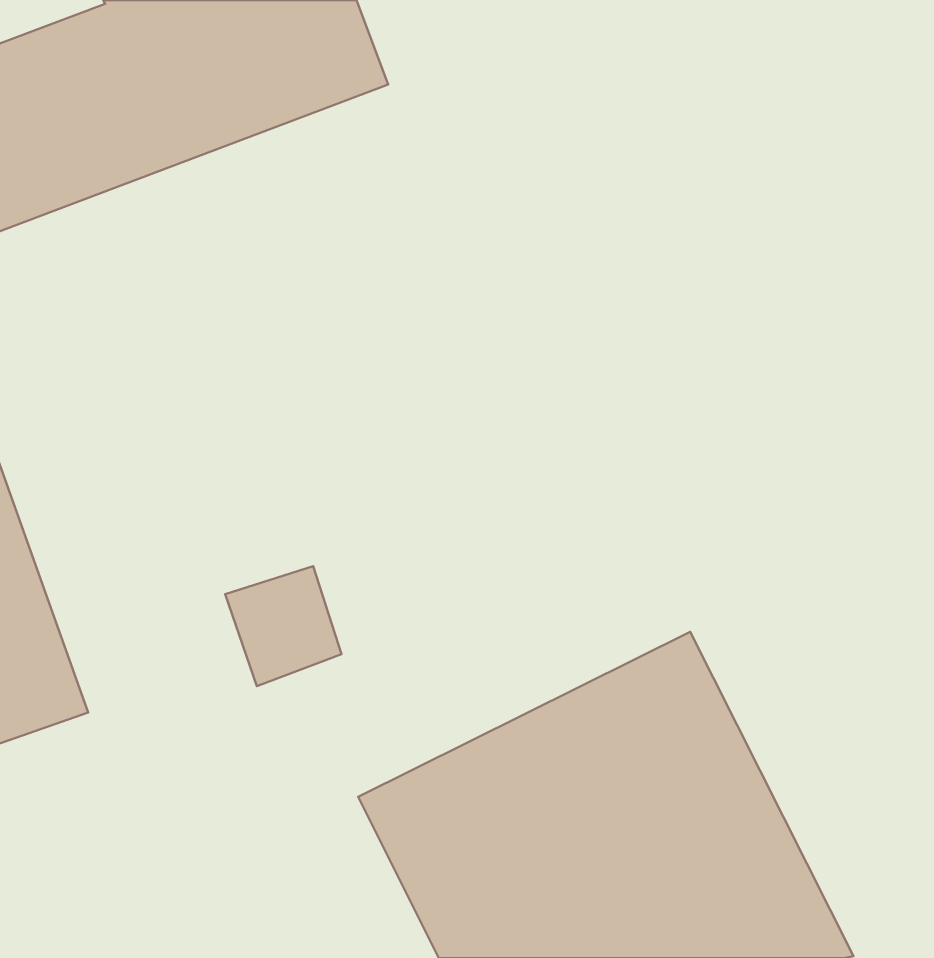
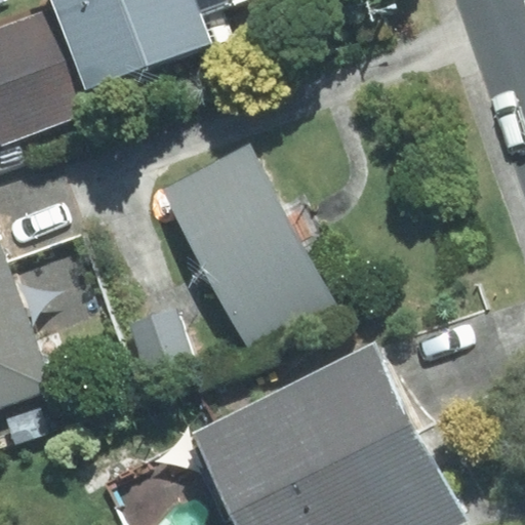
building: none -> [160,144,333,354]

